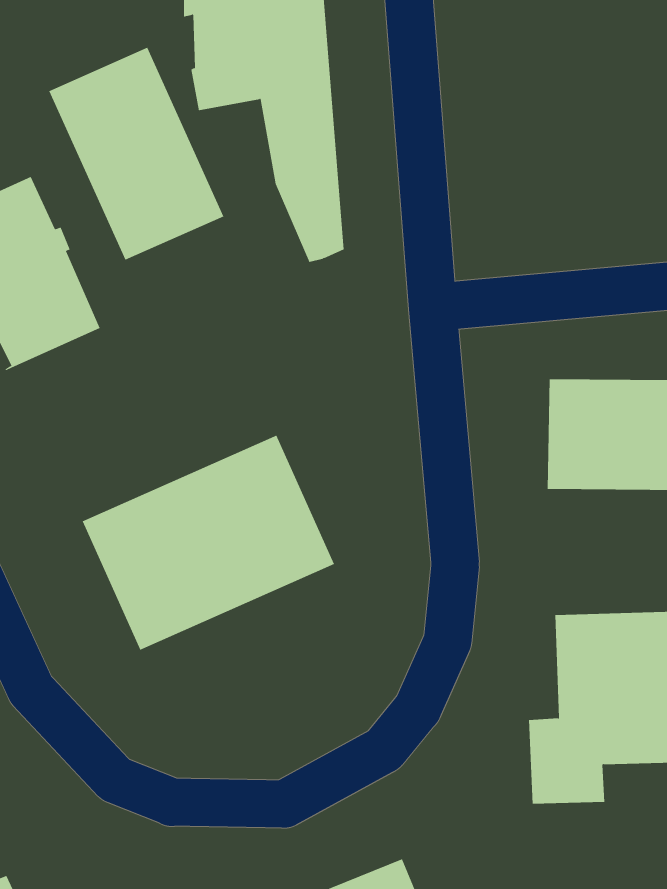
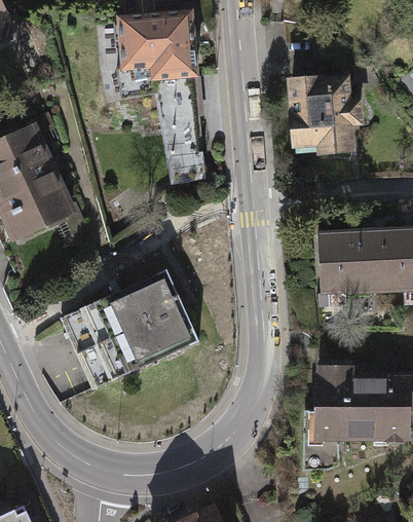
building: [49,47,224,261] -> none
building: none -> [290,79,366,156]

